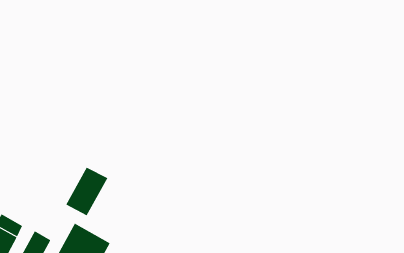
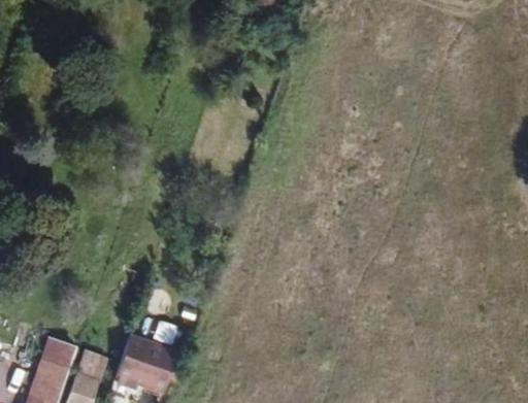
building: [65,167,108,216] -> none

